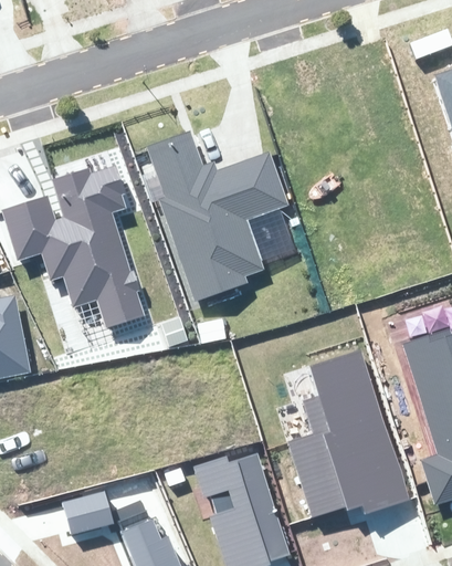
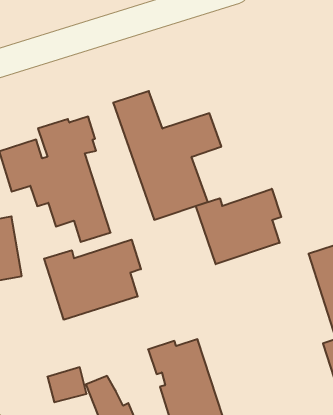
building: none -> [196,189,281,264]
building: none -> [44,240,141,320]
building: [287,350,410,518] -> none

